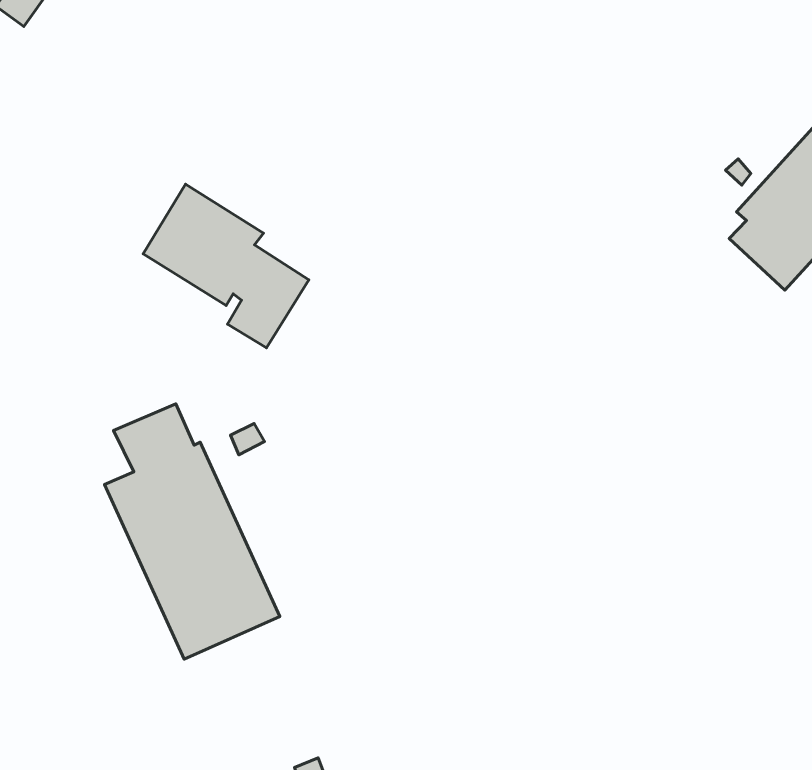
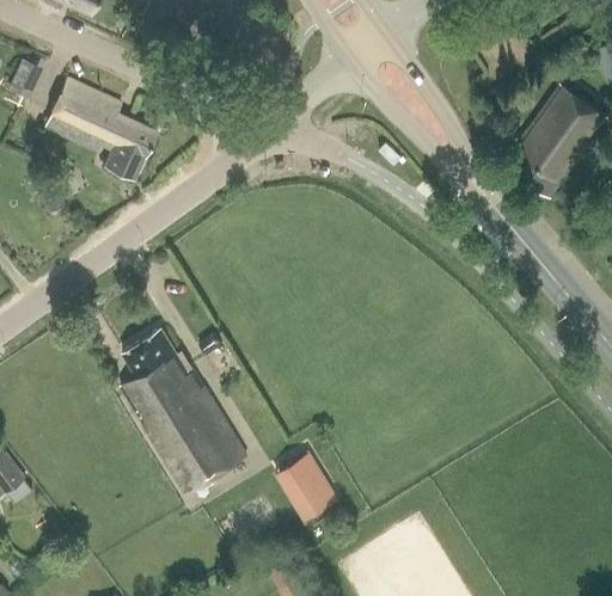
building: [143,184,309,348] -> [47,80,157,179]
building: none -> [280,453,338,520]

